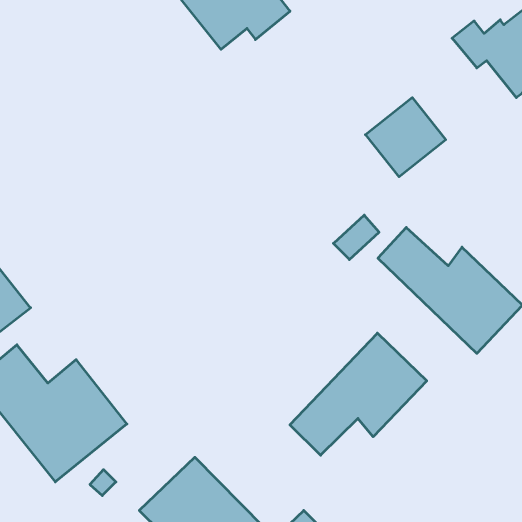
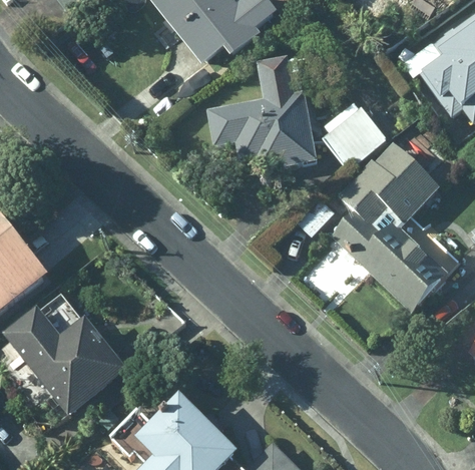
building: none -> [204,55,317,170]
building: none -> [337,139,439,241]
building: [290,333,427,455] -> none

